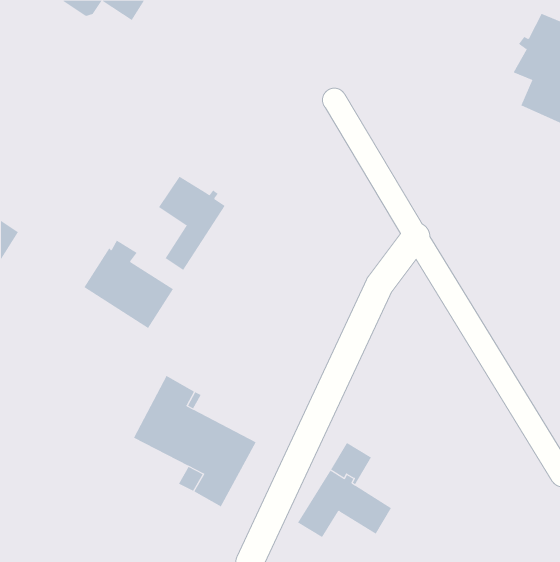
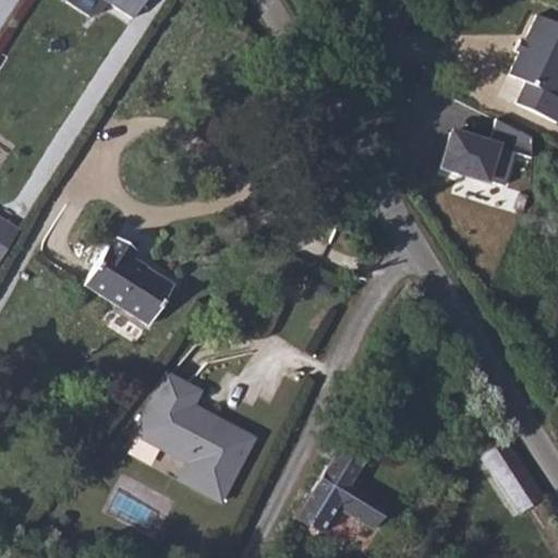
building: none -> [438,120,535,187]
building: [158,176,226,271] -> none
building: none -> [483,439,546,514]

